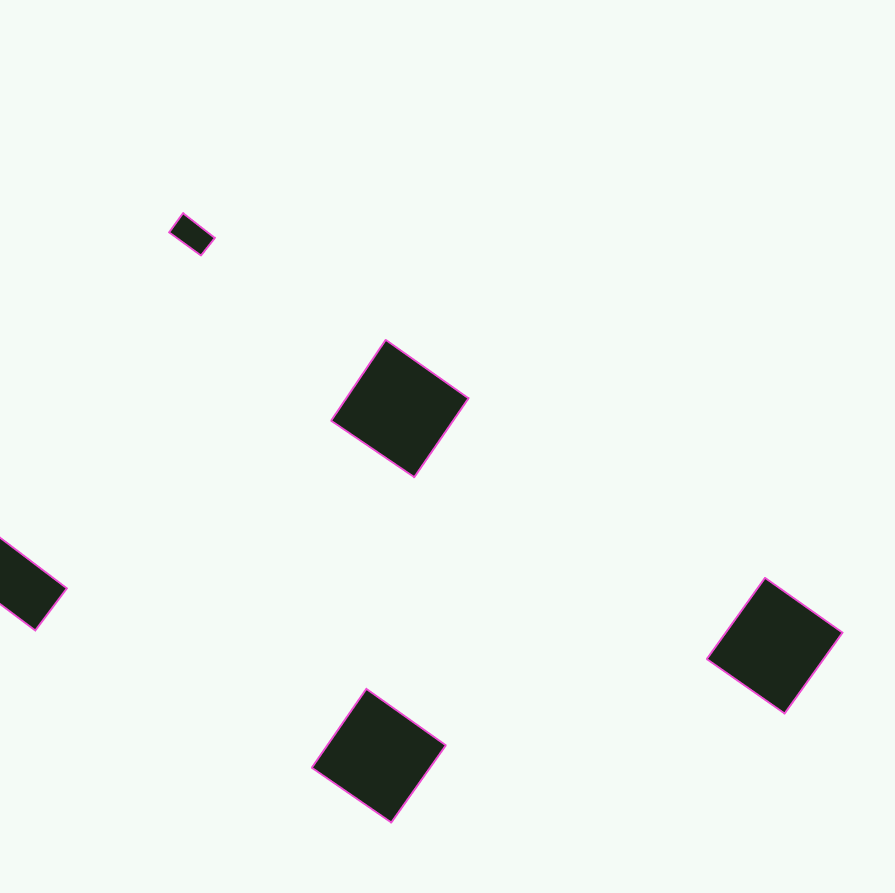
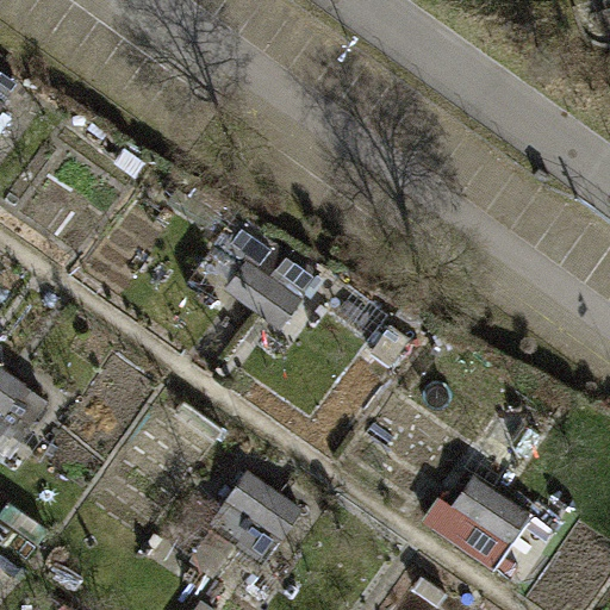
building: [707,578,843,714] -> [435,475,527,567]

